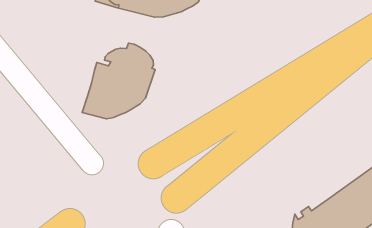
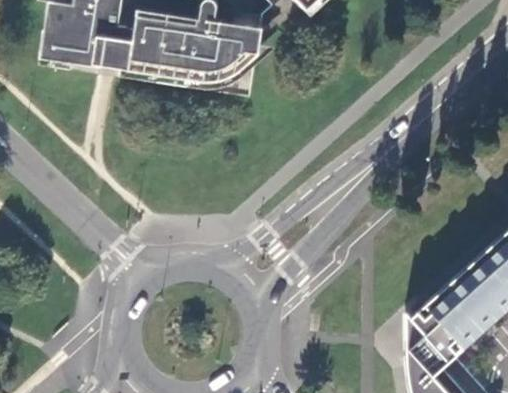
building: [82,43,155,119] -> none

